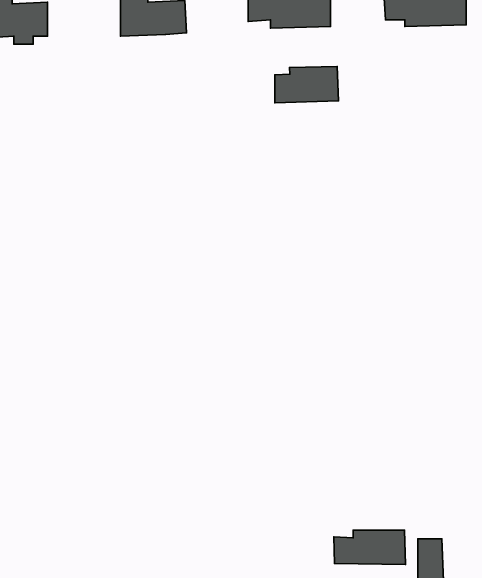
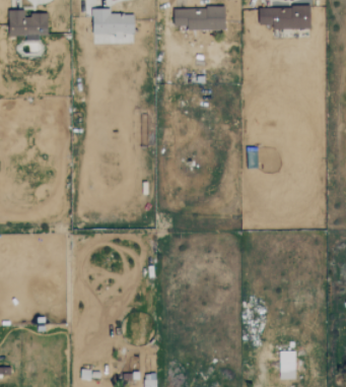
building: [275,67,339,103] -> none
building: [334,530,405,564] -> none

